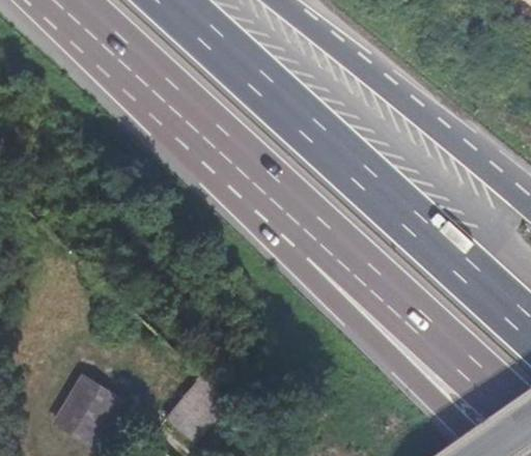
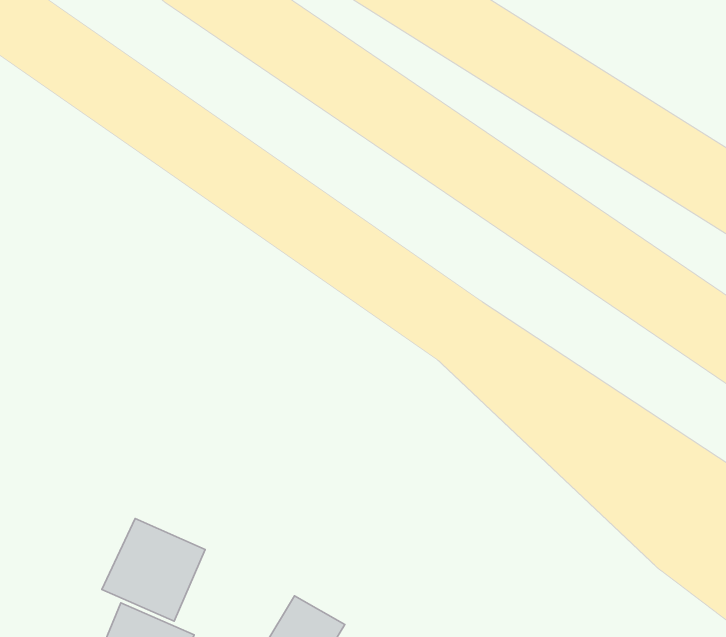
building: none -> [102,518,205,621]

